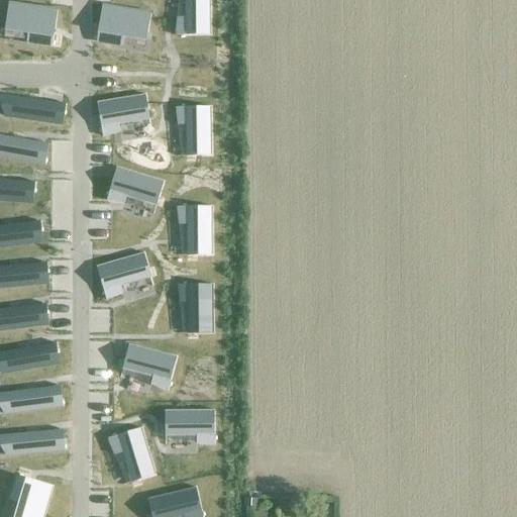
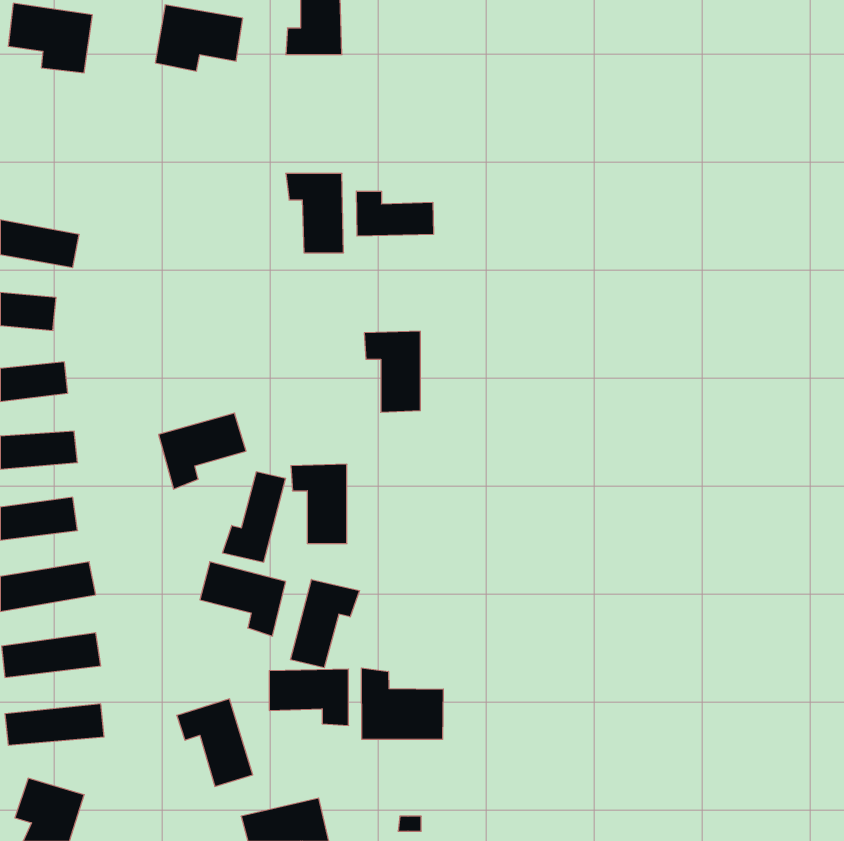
building: [96,93,148,135] -> none
building: [4,95,65,123] -> none
building: none -> [356,191,433,236]
building: [106,167,163,204] -> none
building: [177,205,211,254] -> [364,331,420,412]
building: none -> [222,472,286,562]
building: none -> [290,579,359,668]
building: none -> [361,668,443,739]

